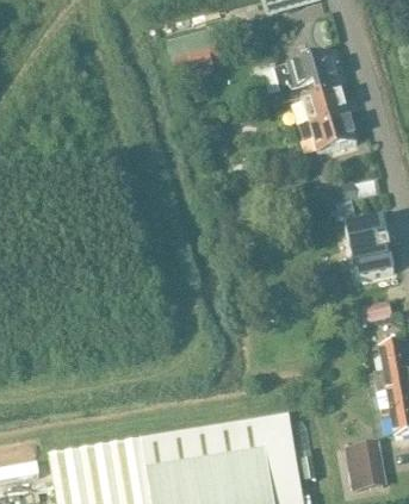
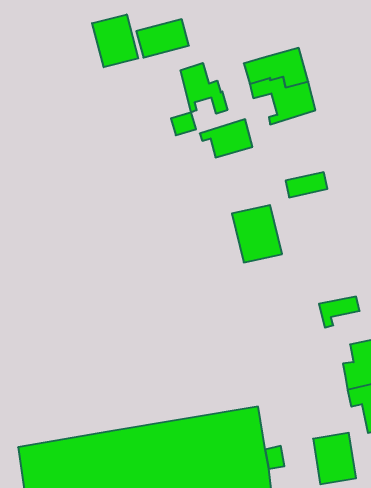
building: none -> [92,14,138,67]
building: none -> [180,63,227,114]
building: [303,117,355,155] -> [200,119,252,157]
building: [346,224,396,281] -> [232,205,282,262]

